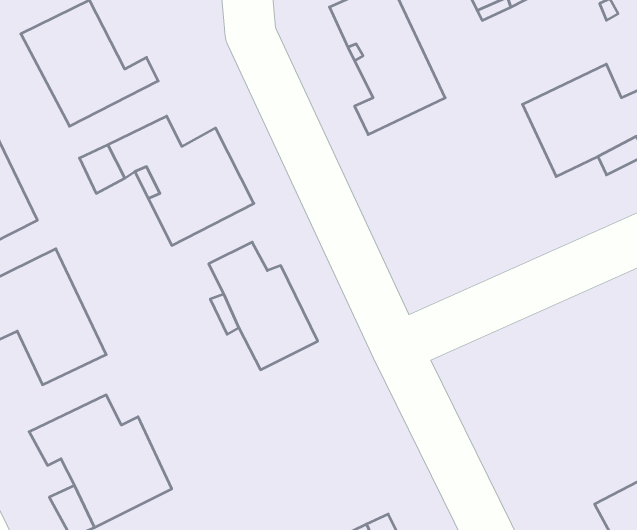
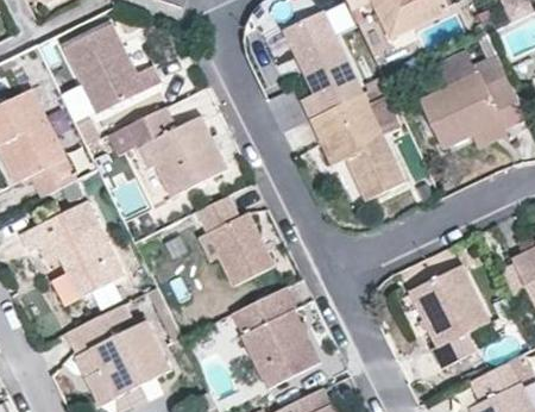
building: none -> [309,93,407,200]
building: none -> [409,263,491,368]
building: none -> [233,286,319,388]

